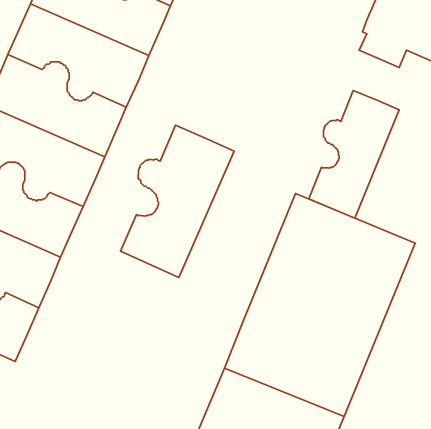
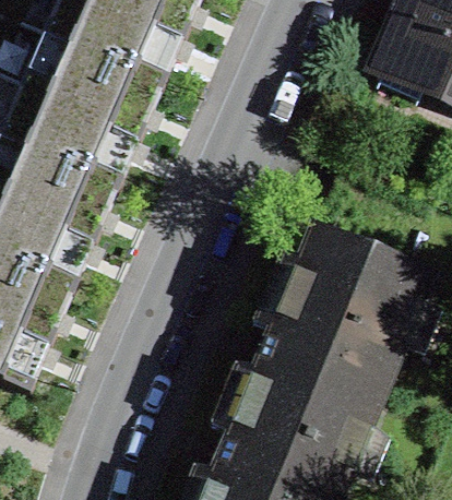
building: [309,91,399,218] -> none
building: [120,125,234,277] -> none

